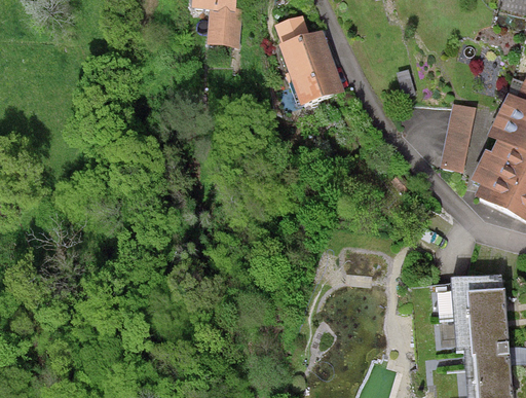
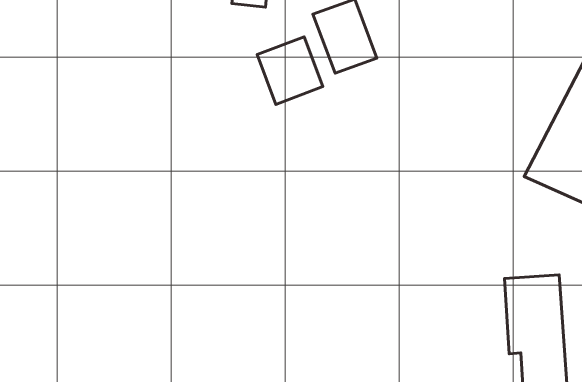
building: none -> [257,37,323,105]
building: [440,105,477,176] -> none

